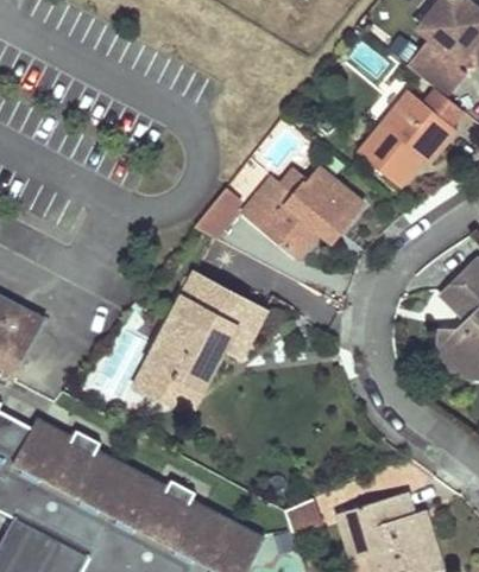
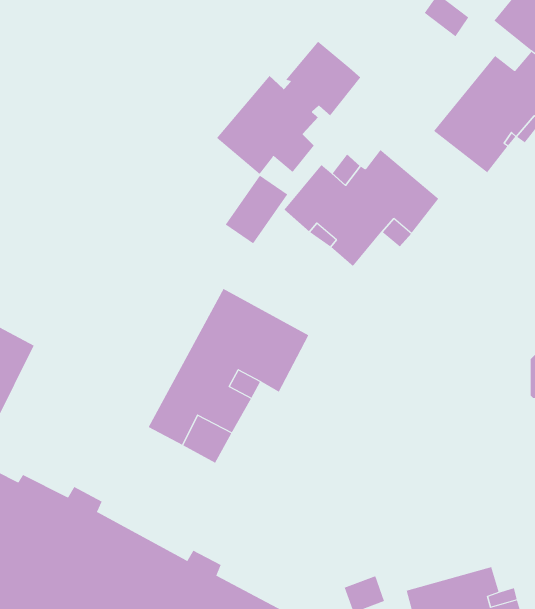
building: none -> [216,41,361,175]

